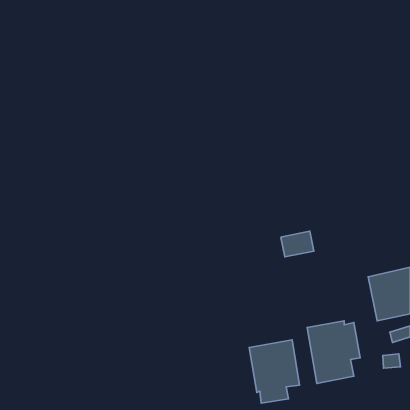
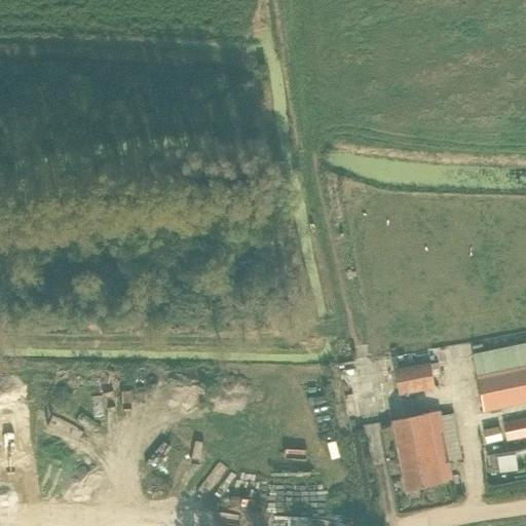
building: [281,231,314,257] -> [392,363,435,396]
building: [249,340,299,403] -> none

